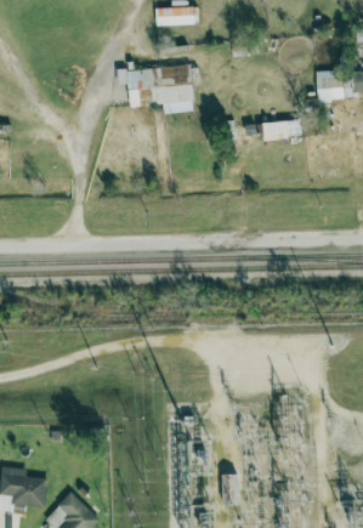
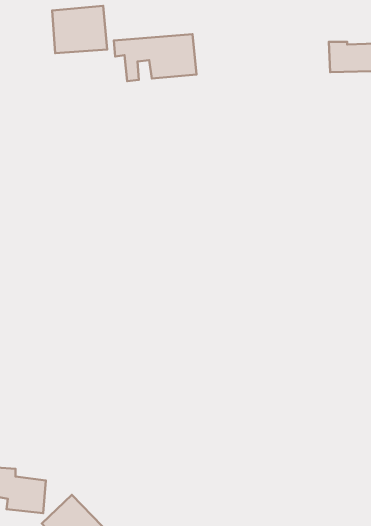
building: none -> [52,6,107,53]
building: [257,120,294,141] -> none

